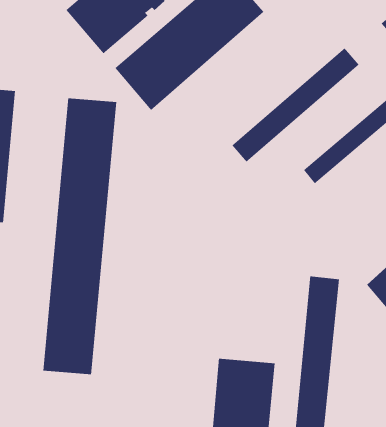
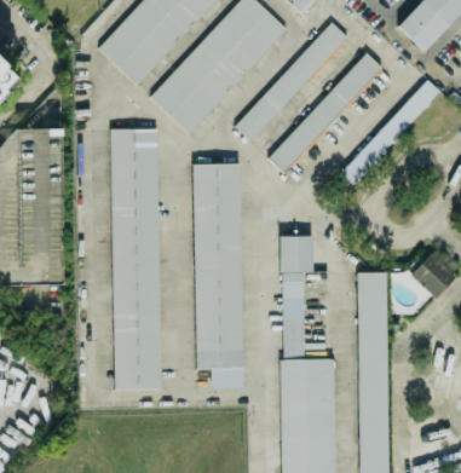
building: none -> [235,21,348,140]
building: none -> [192,162,243,387]
building: none -> [281,235,313,357]

